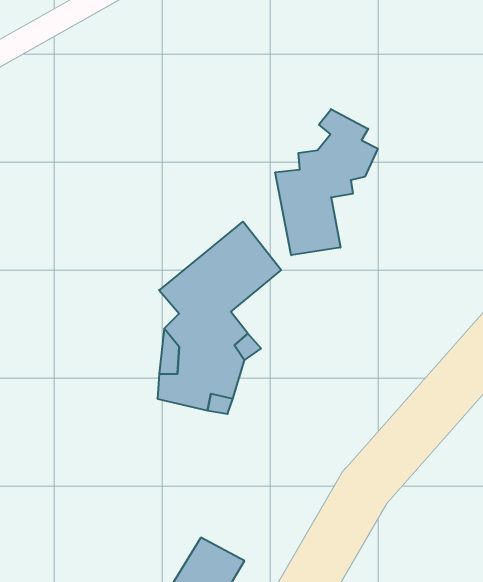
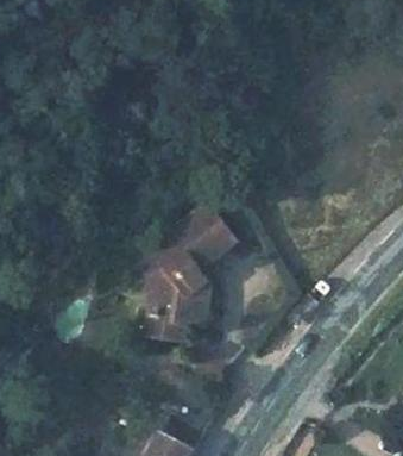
building: [275,109,378,255] -> none

